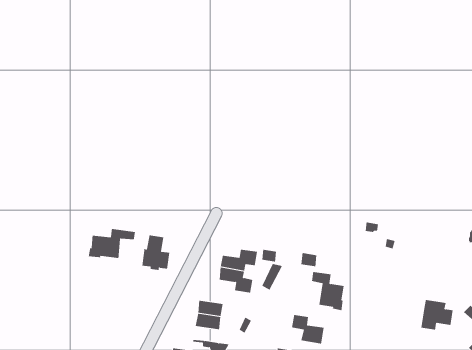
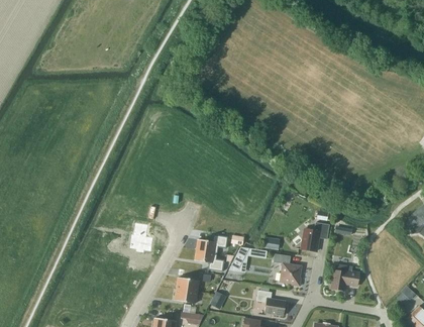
building: [88,228,135,259] -> none
building: none -> [301,222,329,251]
building: [420,299,454,330] -> [331,263,359,290]

